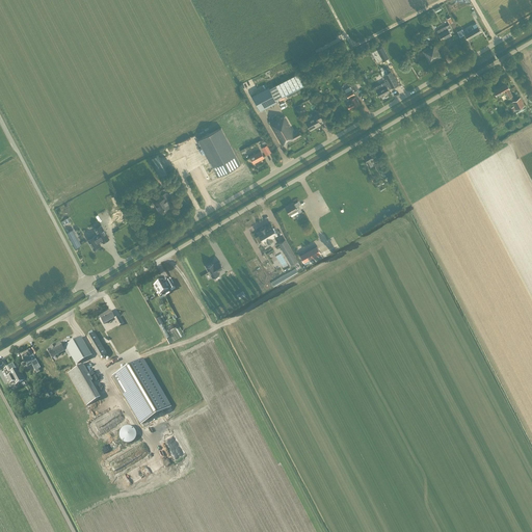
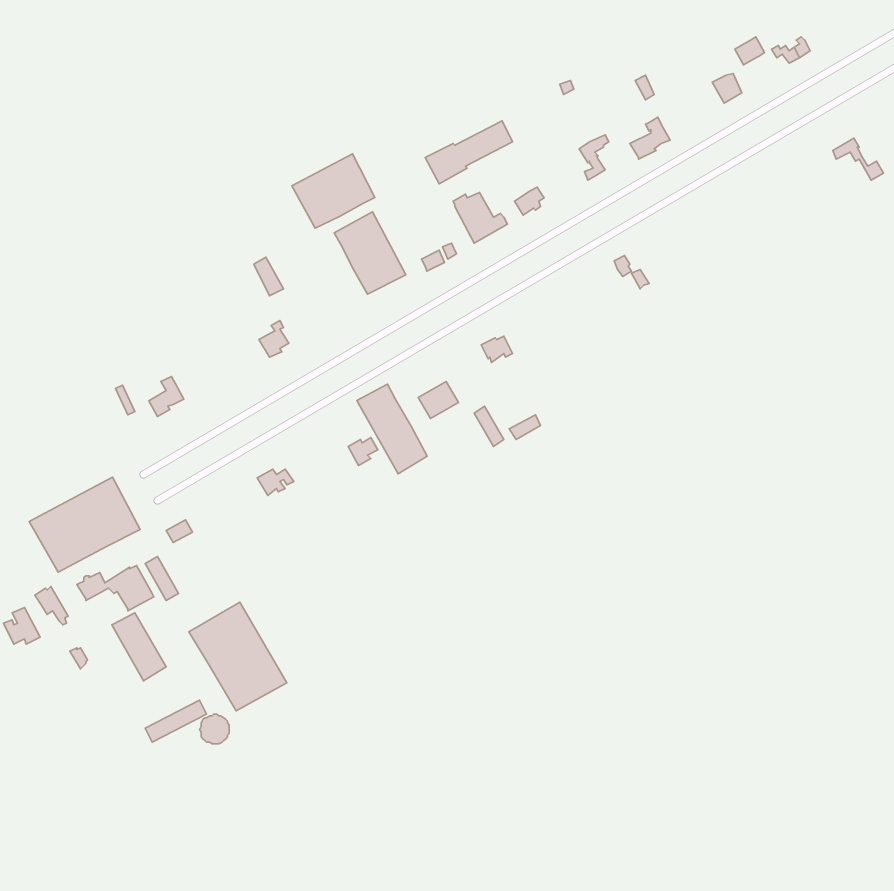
building: none -> [292,154,375,228]
building: none -> [357,384,427,474]
building: none -> [29,477,140,572]

